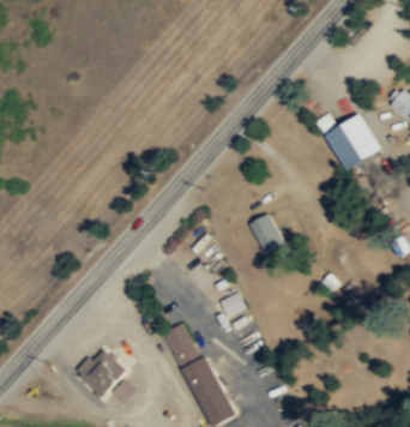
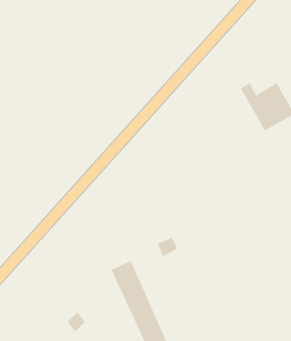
building: [248,214,287,258] -> none
building: [76,347,127,398] -> none

